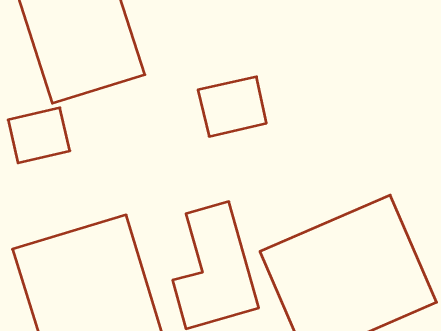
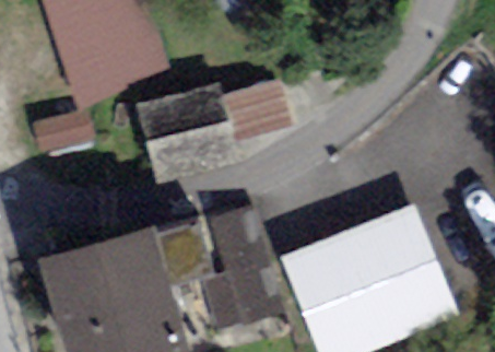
building: none -> [138,86,237,181]

